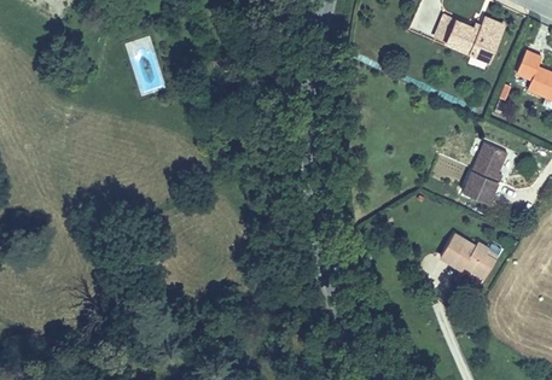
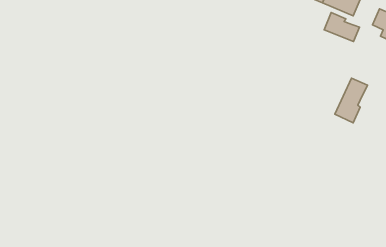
building: none -> [324,12,359,41]
building: [443,229,505,274] -> none

